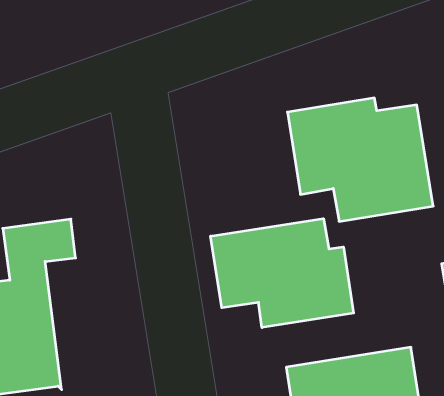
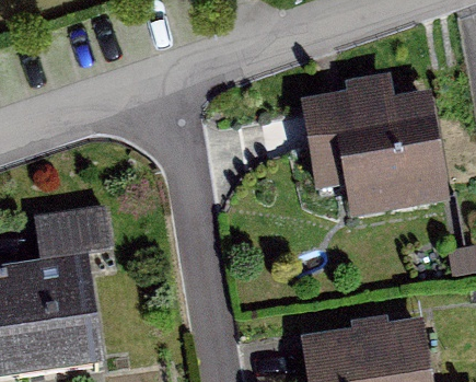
building: [211,219,354,328] -> none

